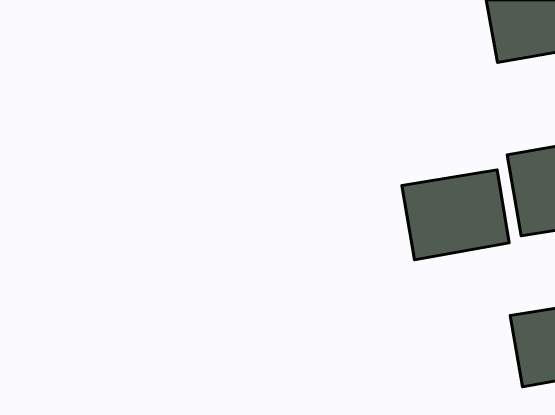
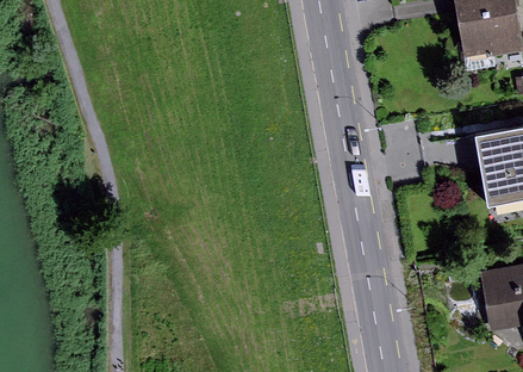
building: [402,170,509,260] -> none

